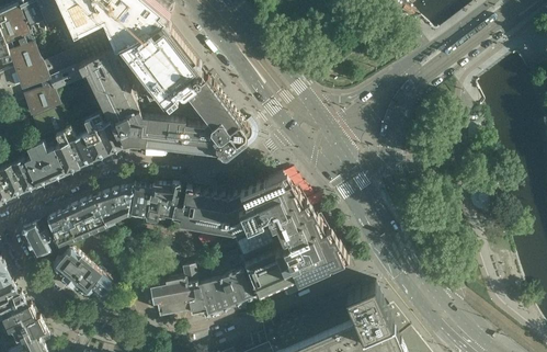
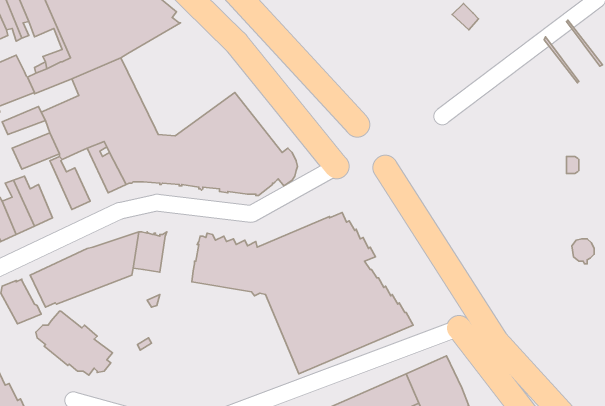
building: [117,22,207,105] -> none
building: [81,121,107,162] -> none
building: [53,133,79,175] -> none
building: [147,185,180,224] -> none
building: [150,253,255,318] -> none

